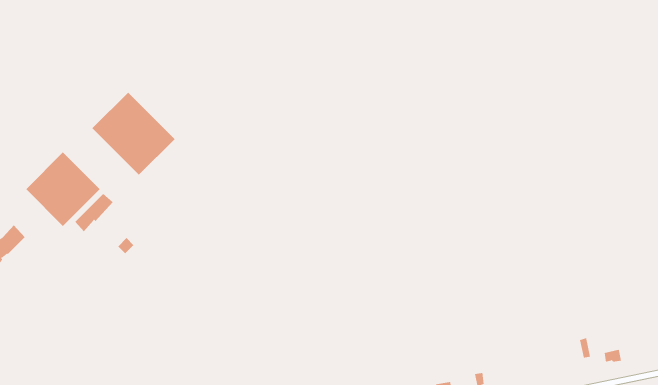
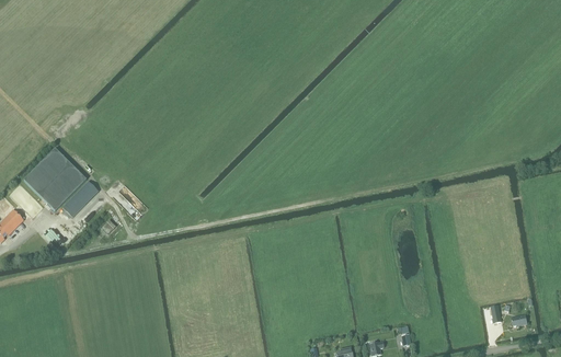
building: [92,92,175,176] -> none

